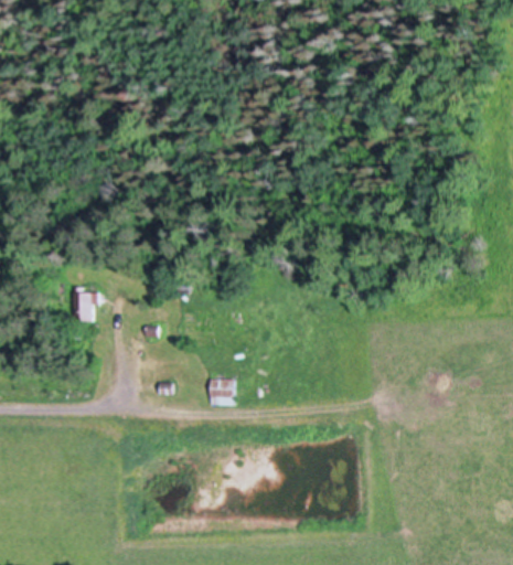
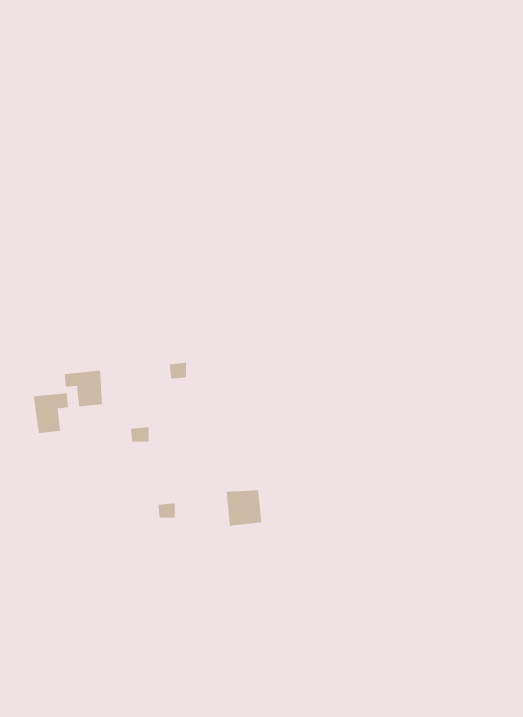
building: none -> [64,370,102,407]

